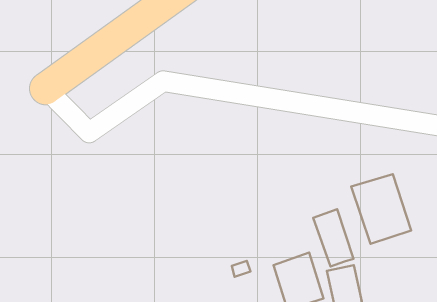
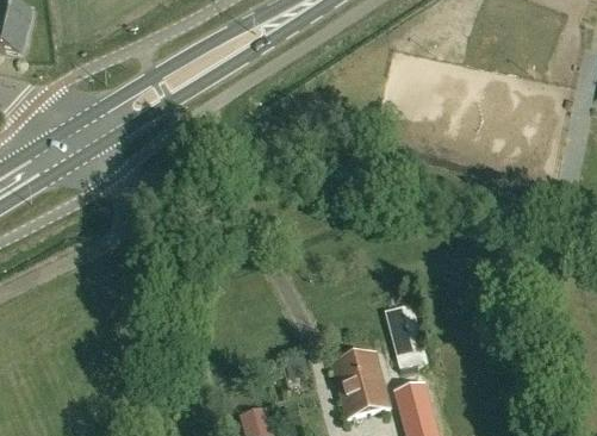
building: [351,174,411,244] -> none

